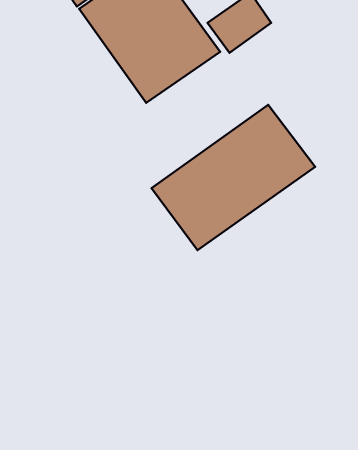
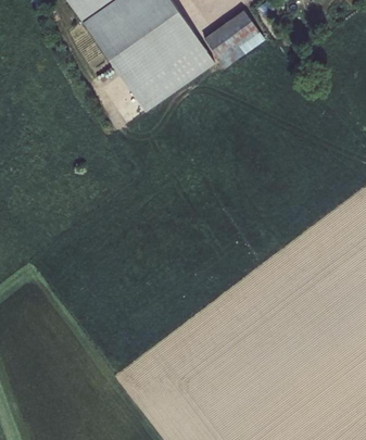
building: [152,105,315,250] -> none

